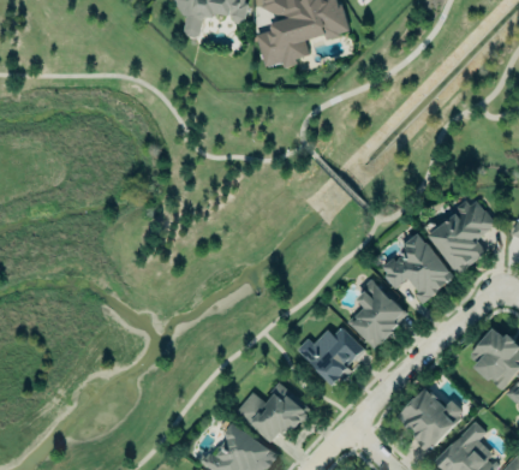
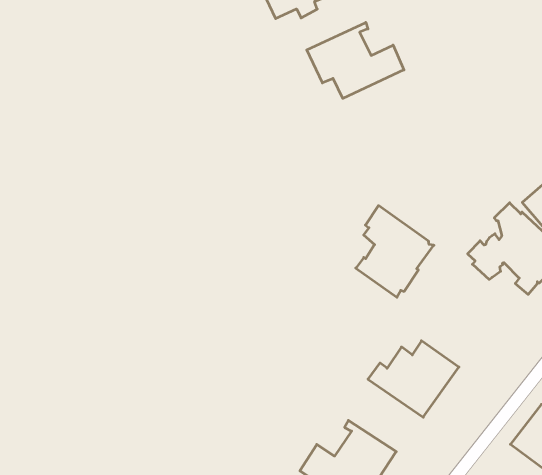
building: none -> [307,22,404,98]
building: [348,275,410,346] -> [356,206,434,297]

